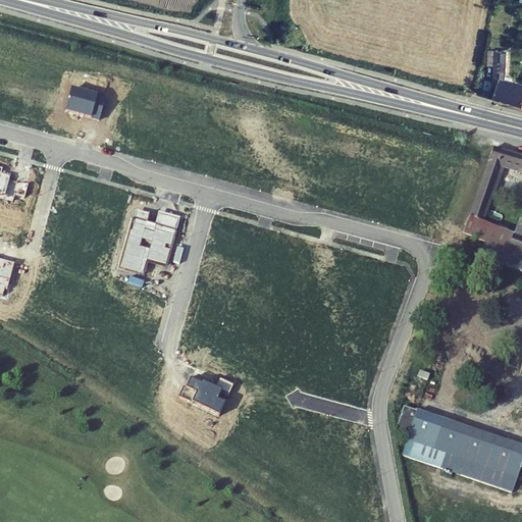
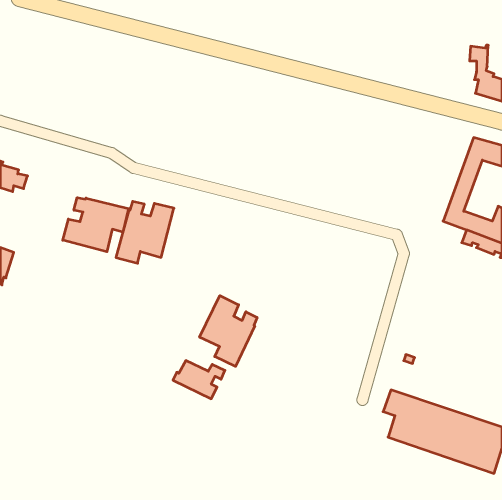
building: [65,88,104,119] -> none
building: none -> [63,198,129,252]
building: none -> [200,296,257,366]

